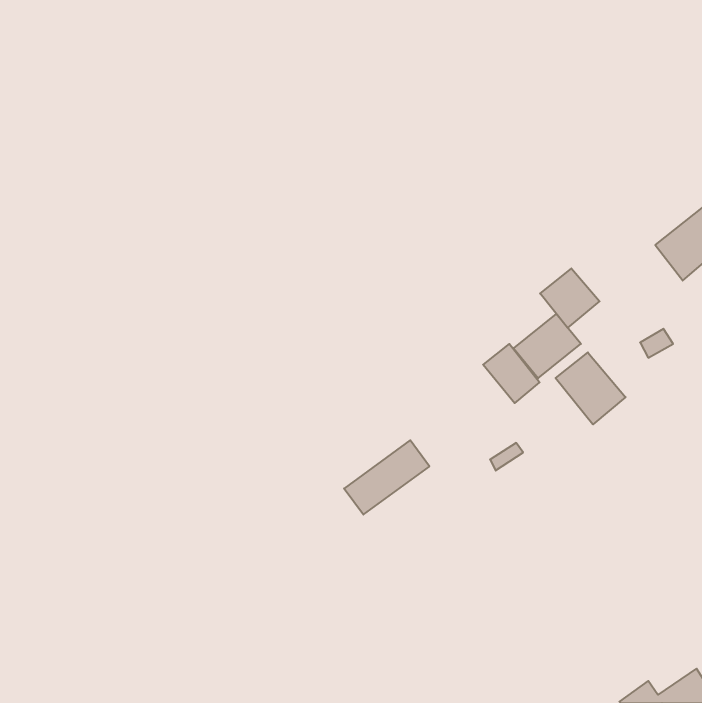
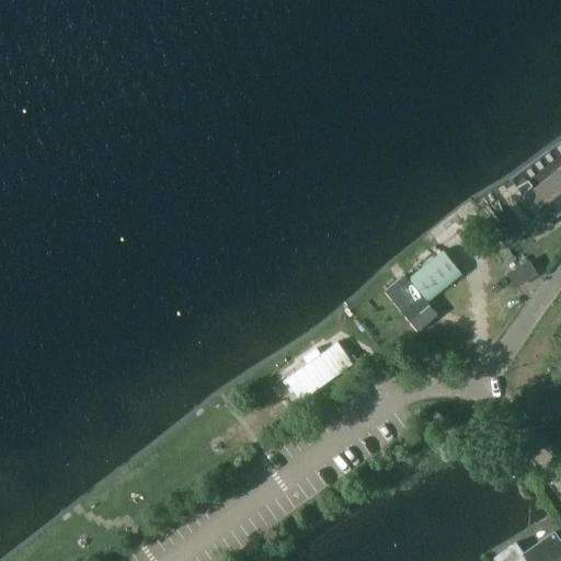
building: [540,268,600,328] -> none
building: [556,352,626,424] -> none

